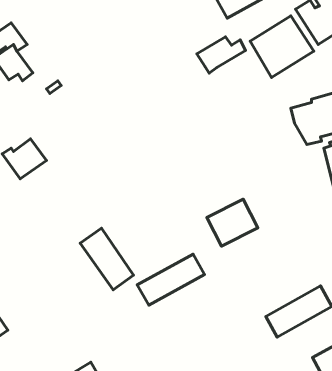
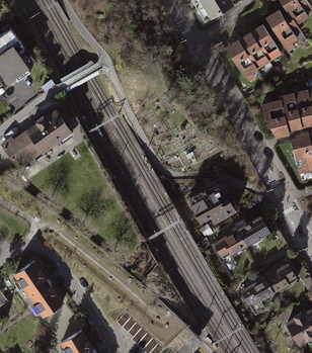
building: [197,37,246,73] -> none
building: none -> [28,112,75,152]
building: [80,228,133,290] -> [15,261,63,316]
building: [137,254,204,305] -> [213,216,272,262]

